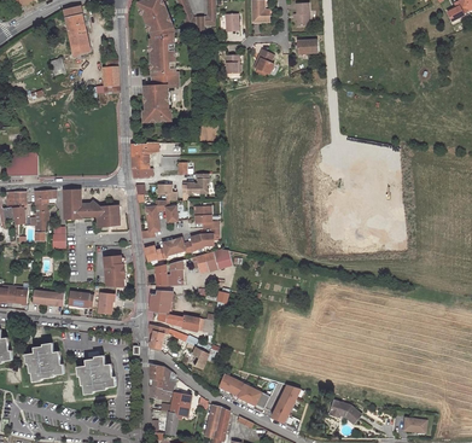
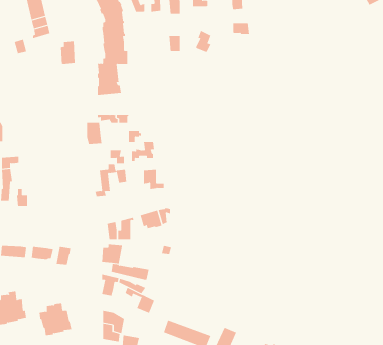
building: [63,190,120,228] -> none
building: [145,227,220,261] -> none
building: [104,256,126,288] -> none

